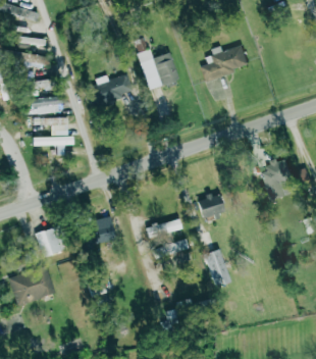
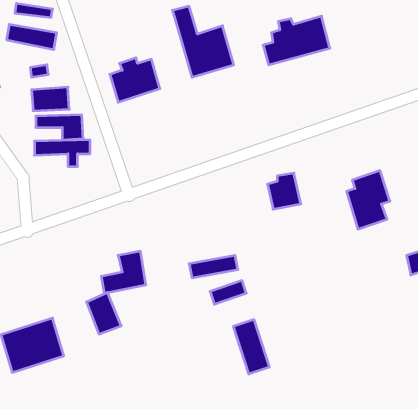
building: [199,193,223,219] -> [267,173,301,209]
building: [36,227,61,258] -> [86,292,121,334]
building: [205,249,231,289] -> [233,320,269,374]

